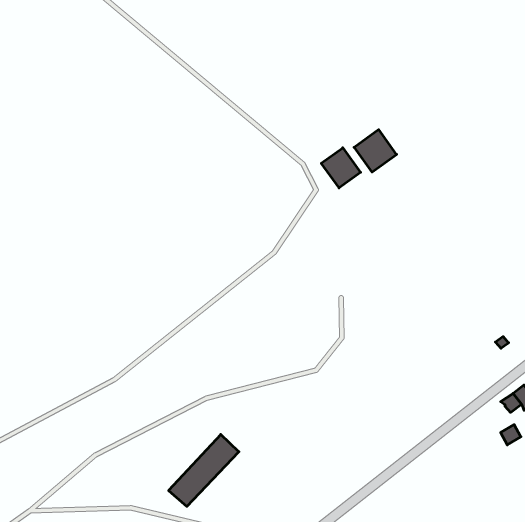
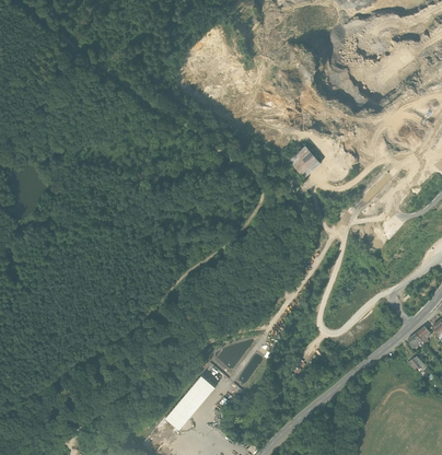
building: [321,148,361,188] -> none

